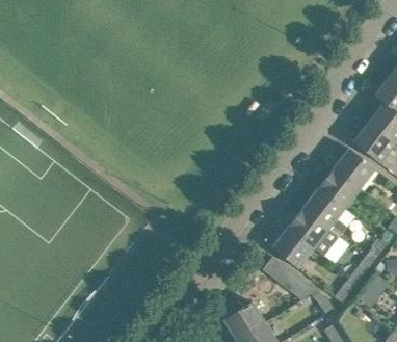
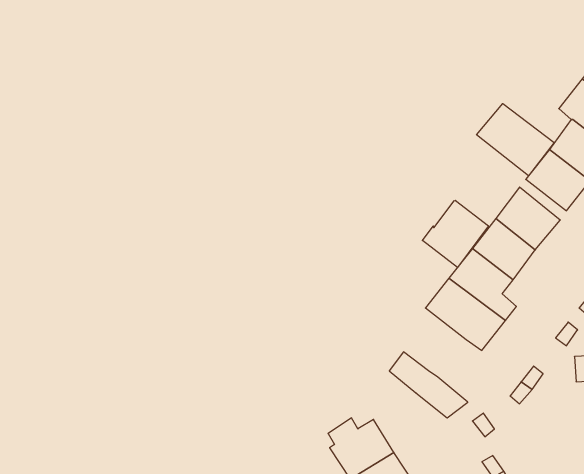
building: none -> [477,104,554,176]
building: none -> [422,200,488,267]
building: [270,228,313,268] -> none

